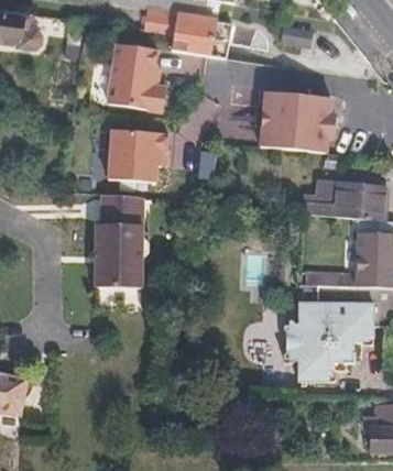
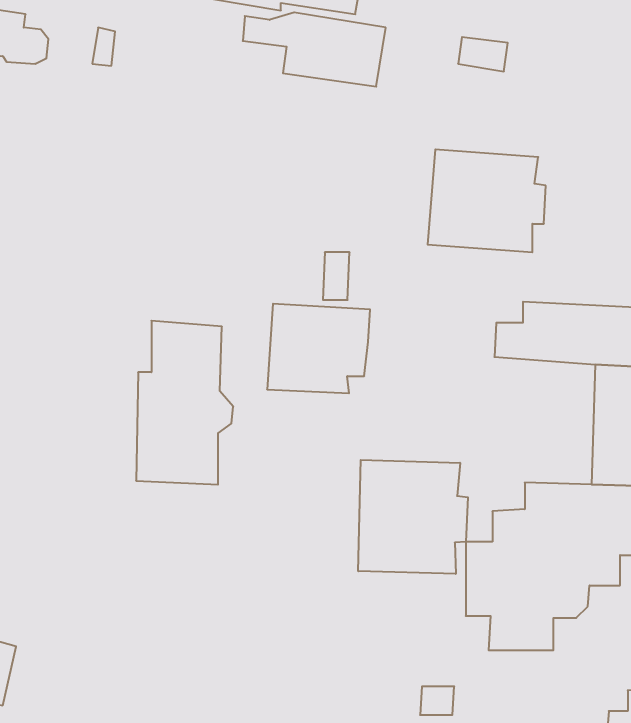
building: [113,43,172,110] -> none
building: [109,129,168,180] -> [267,304,370,393]
building: none -> [358,460,468,574]

